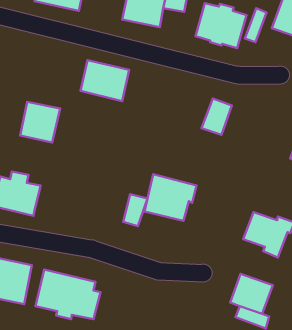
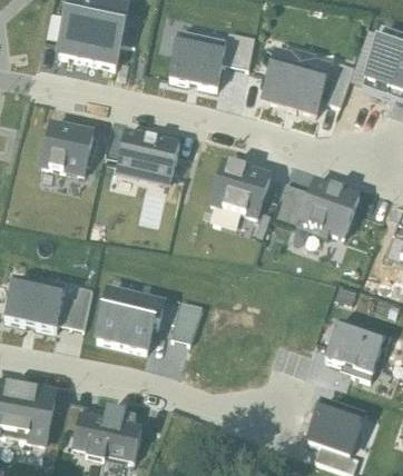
building: none -> [210,159,268,215]
building: none -> [296,178,358,236]
building: [20,102,60,143] -> [41,121,92,173]
building: [144,174,197,221] -> [96,288,163,348]
building: none -> [57,284,91,326]

